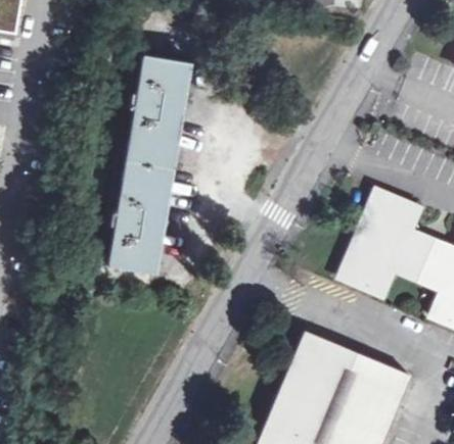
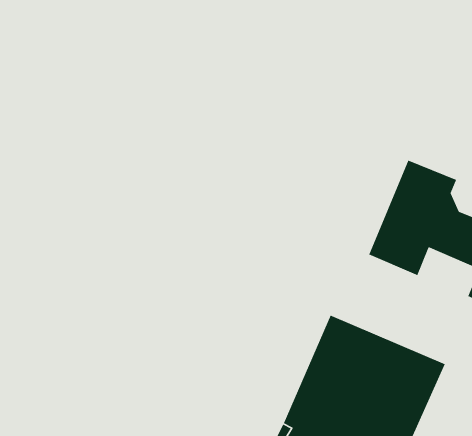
building: [107,53,191,274] -> none

